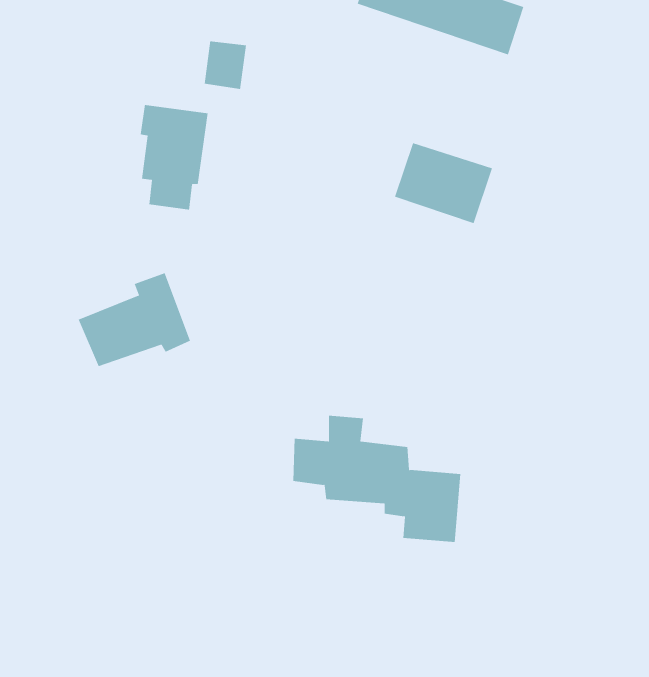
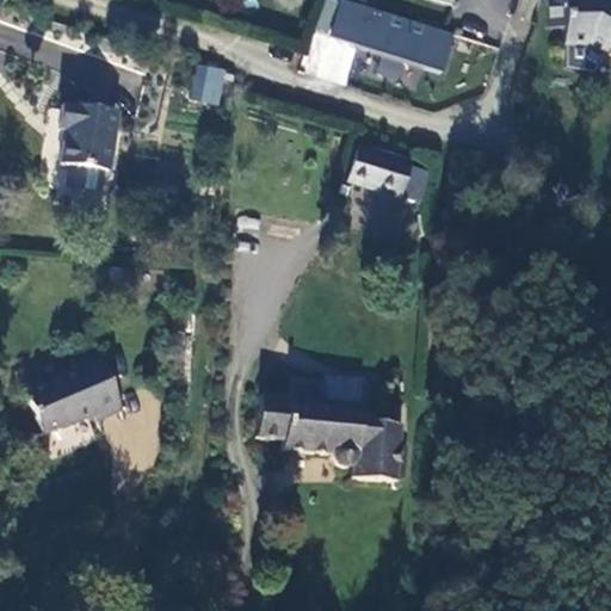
building: [140,105,208,210] -> [50,101,107,190]
building: [78,272,191,367] -> [27,357,122,436]

